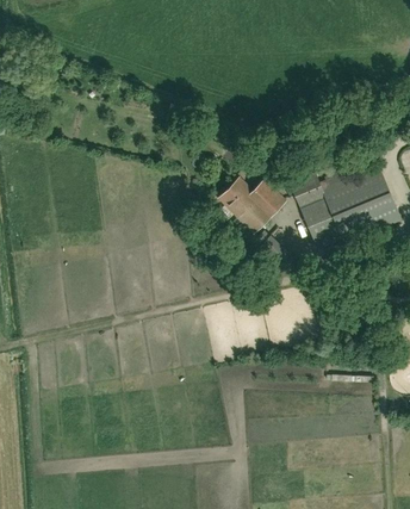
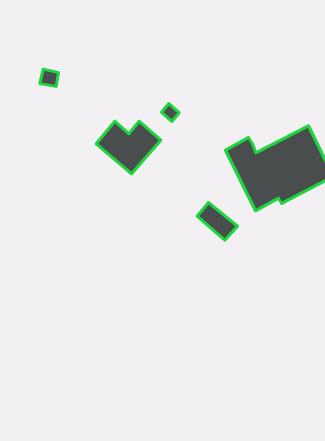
building: [218,176,285,232] -> [96,121,161,174]

